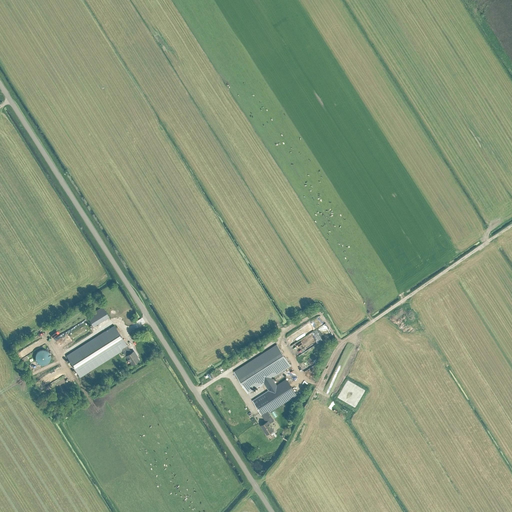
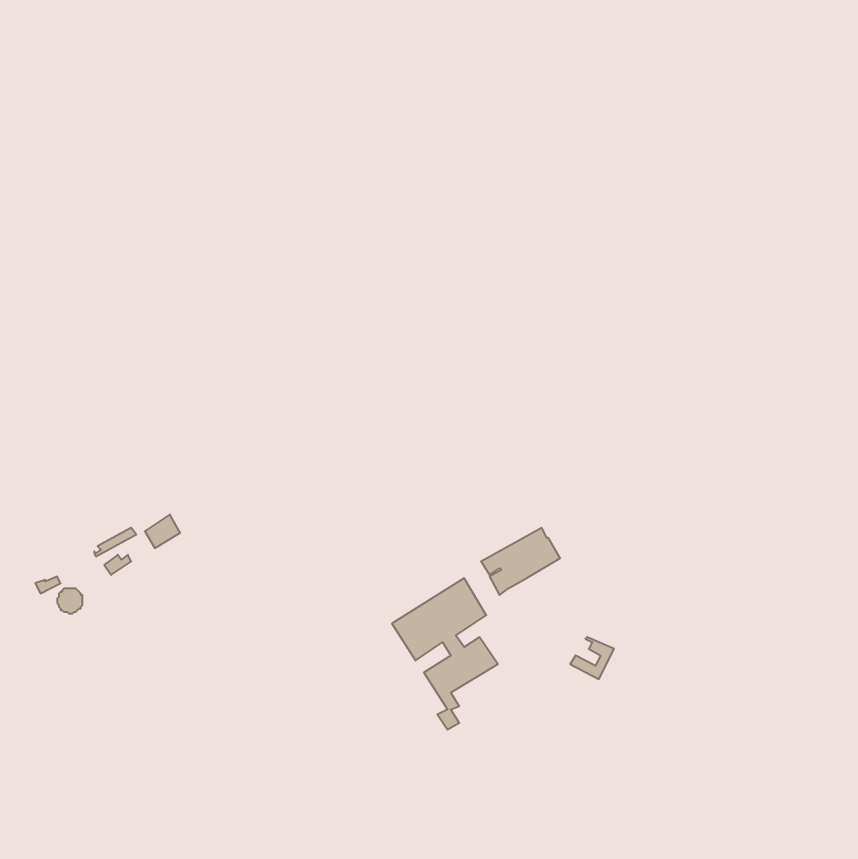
building: [65,325,138,377] -> none

